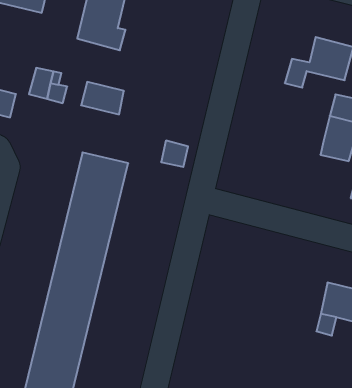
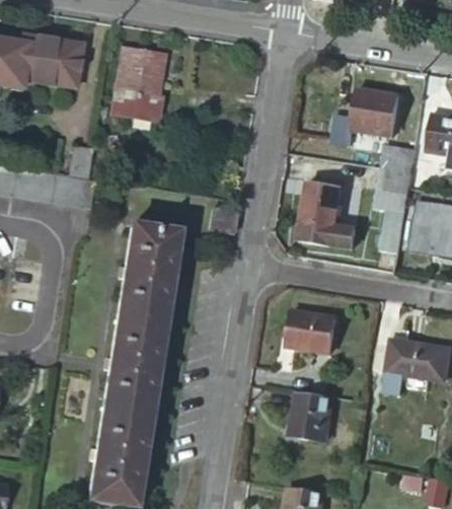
building: [81,82,124,114] -> [54,173,96,204]
building: none -> [298,183,356,251]
building: none -> [289,310,338,352]
building: none -> [292,391,333,440]

